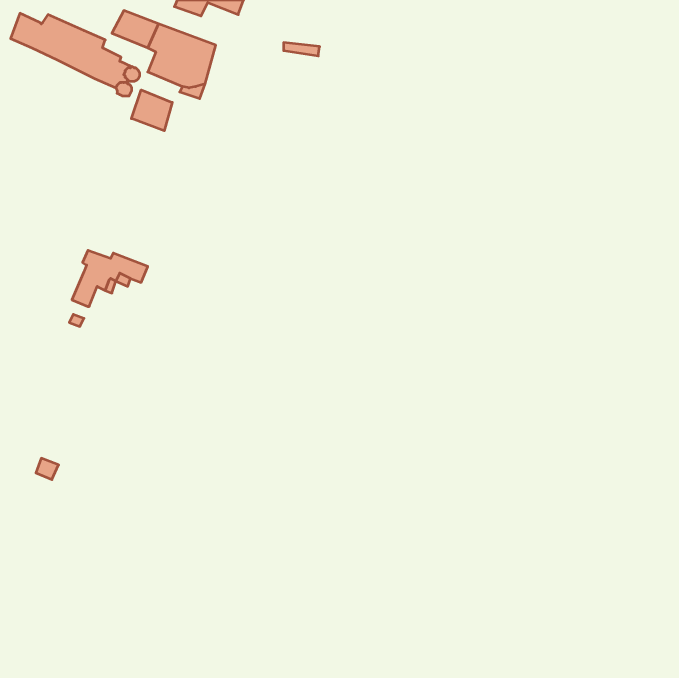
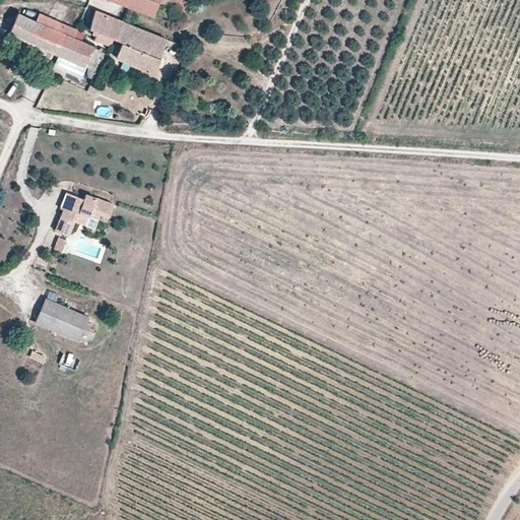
building: [131,90,172,131] -> none
building: none -> [32,300,96,347]

